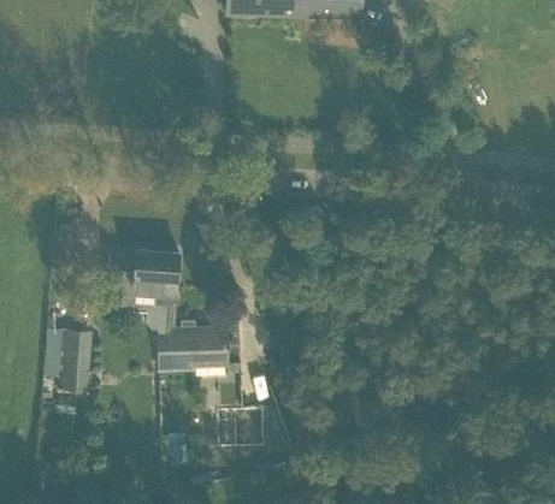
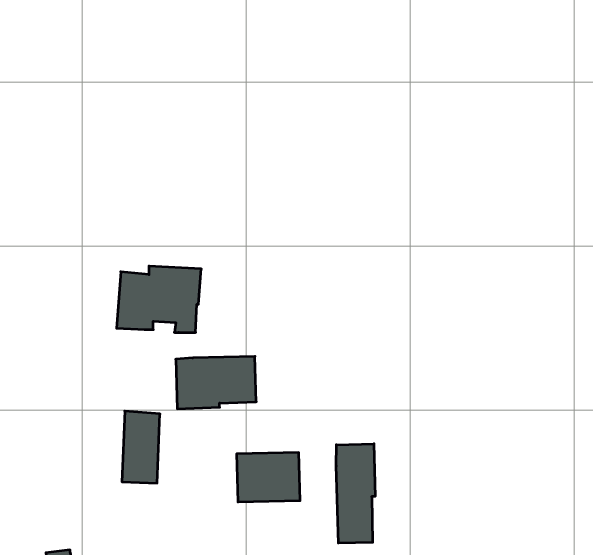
building: [58,331,90,392] -> [122,411,160,483]
building: none -> [336,444,375,543]

